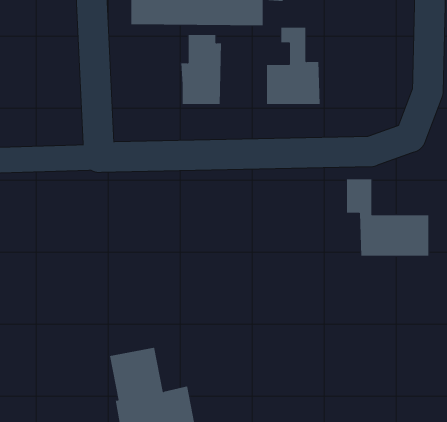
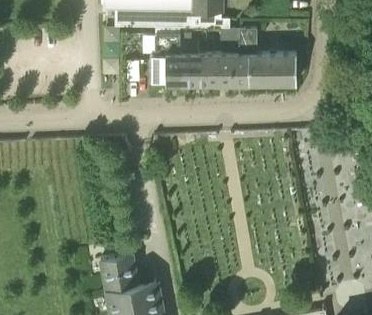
building: none -> [178,39,210,83]
building: [346,179,429,256] -> [238,29,296,83]

